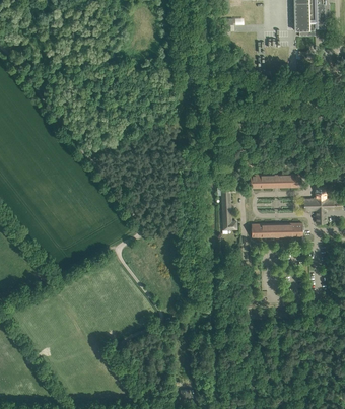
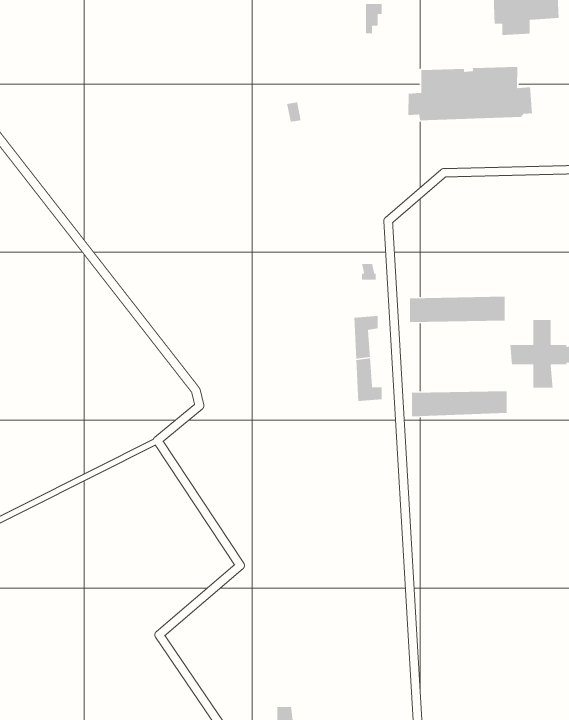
building: none -> [408,66,533,121]

